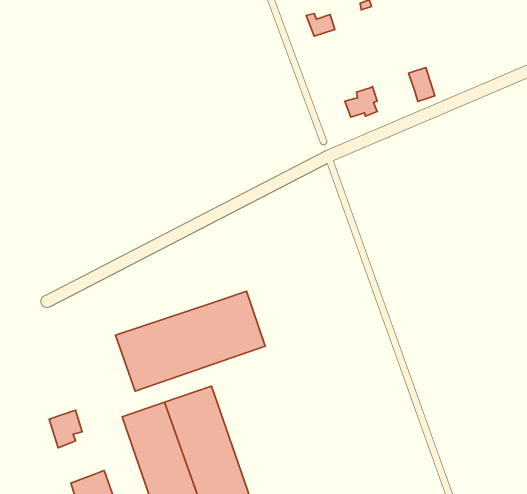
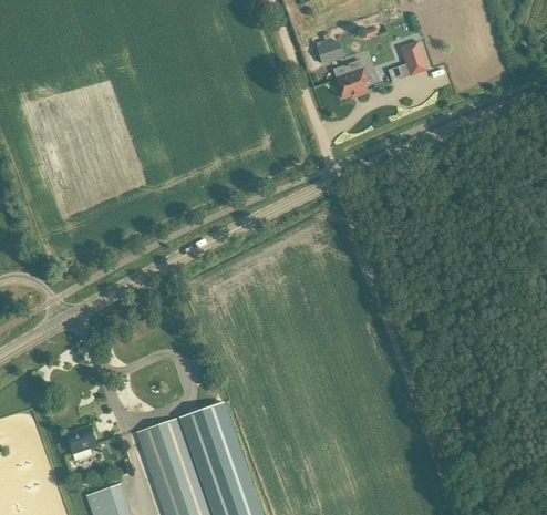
building: [409,67,435,102] -> [401,41,426,74]
building: [345,86,377,117] -> [337,66,368,96]
building: [116,291,265,391] -> none

